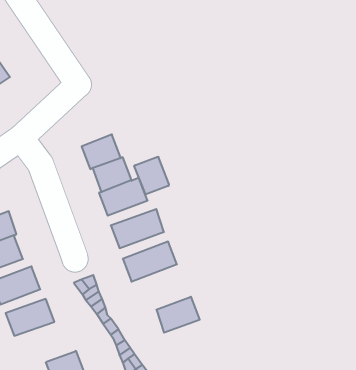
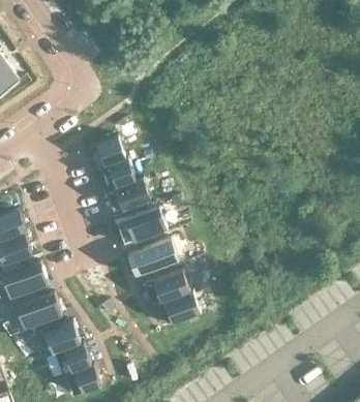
building: [134,157,169,194] -> none
building: none -> [145,270,191,305]
building: none -> [40,320,82,354]

